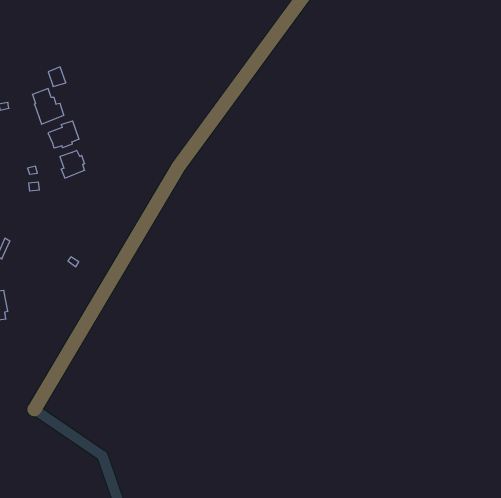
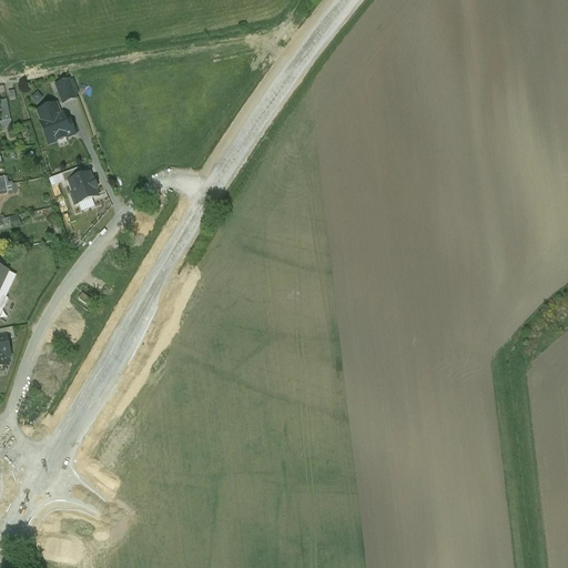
building: [48,121,79,148] -> none

